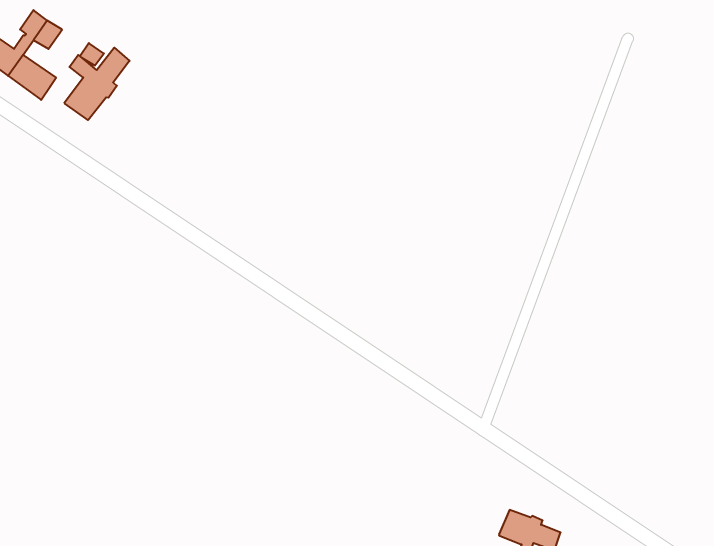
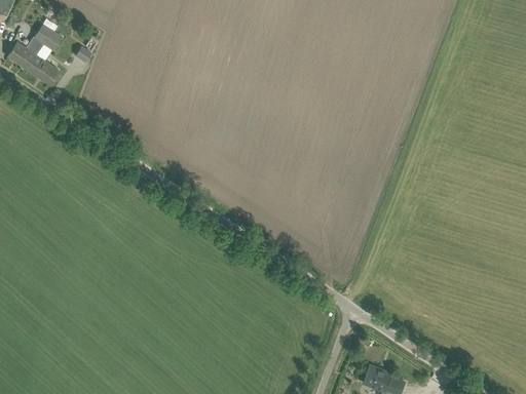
building: [64,48,130,120] -> none

